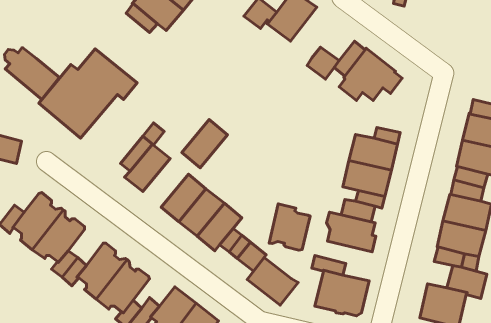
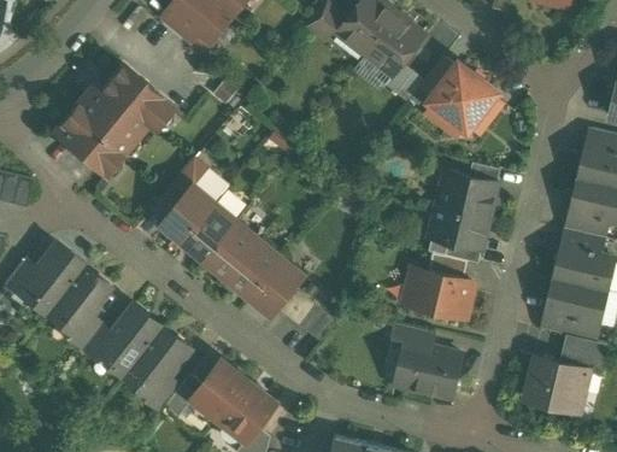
building: none -> [365,13,424,76]
building: [4,48,59,100] -> none
building: [182,119,228,168] -> [182,201,239,262]
building: [269,204,310,250] -> none
building: [247,257,298,305] -> none

